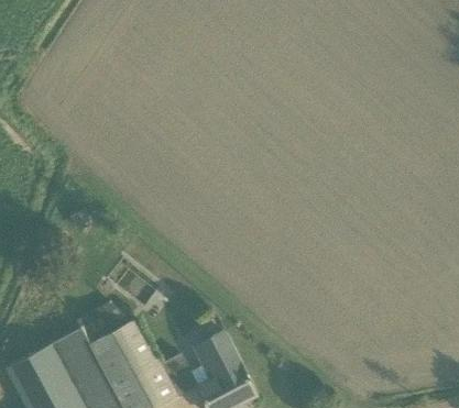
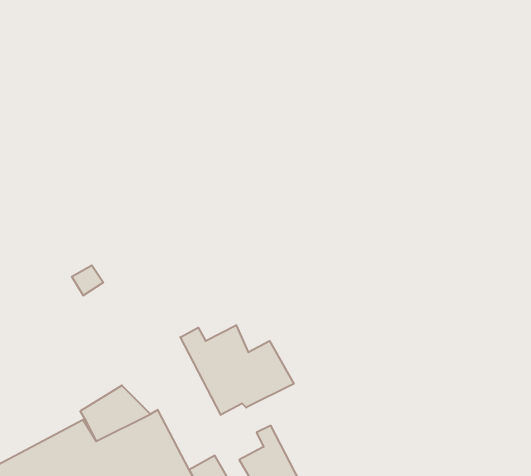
building: none -> [180,325,294,415]

